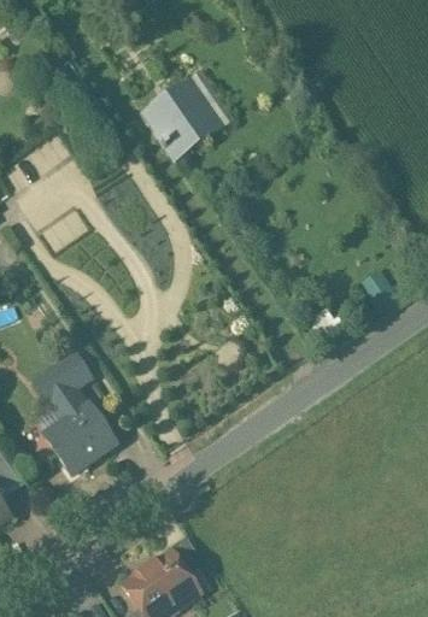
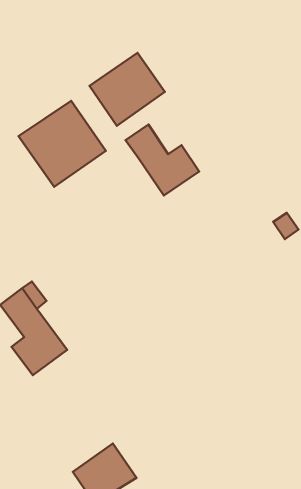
building: none -> [19,101,106,187]
building: none -> [126,124,199,196]

